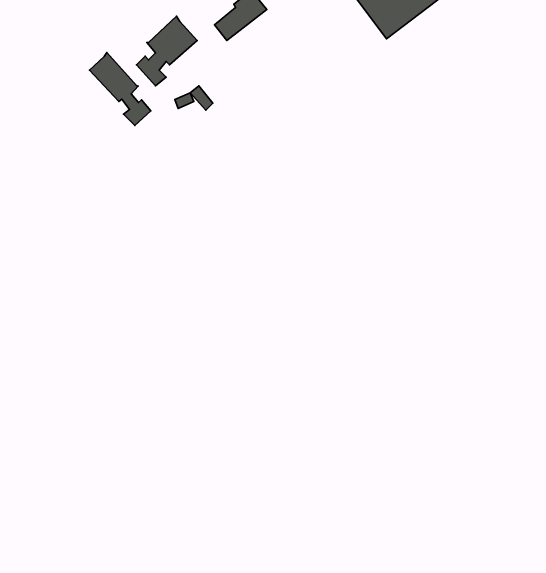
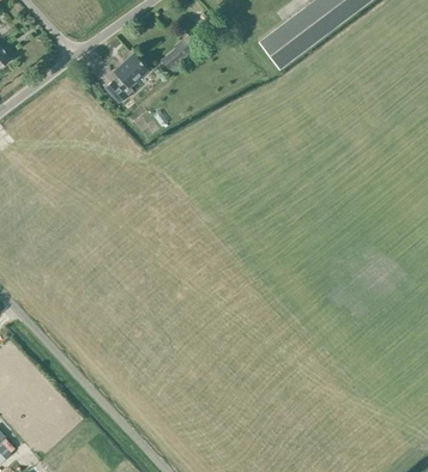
building: [89,53,151,126] -> none

